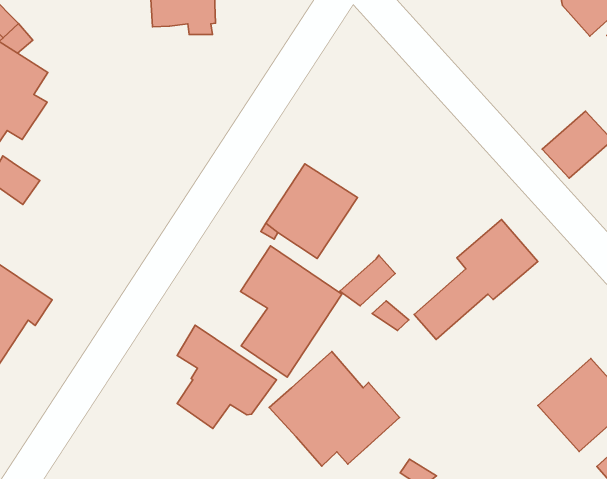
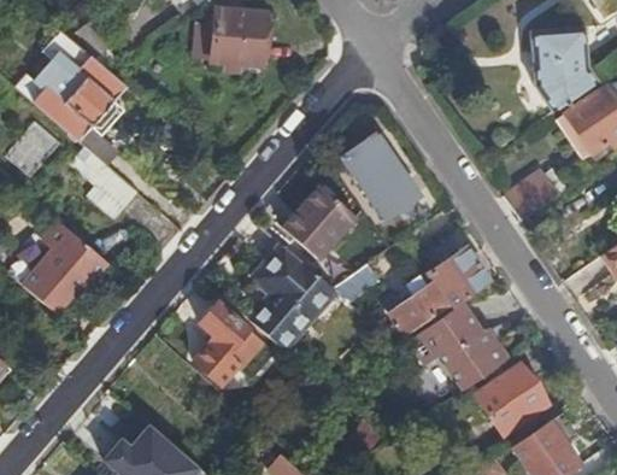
building: none -> [342,131,418,219]
building: none -> [88,171,137,219]
building: [269,352,399,466] -> [407,301,507,391]

